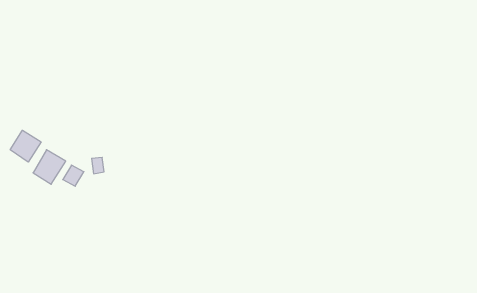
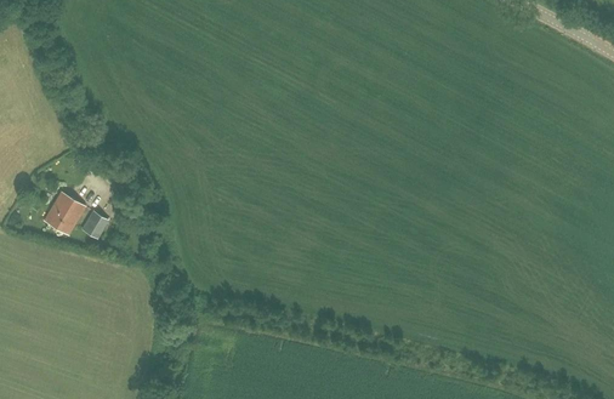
building: [10,130,41,162] -> none

